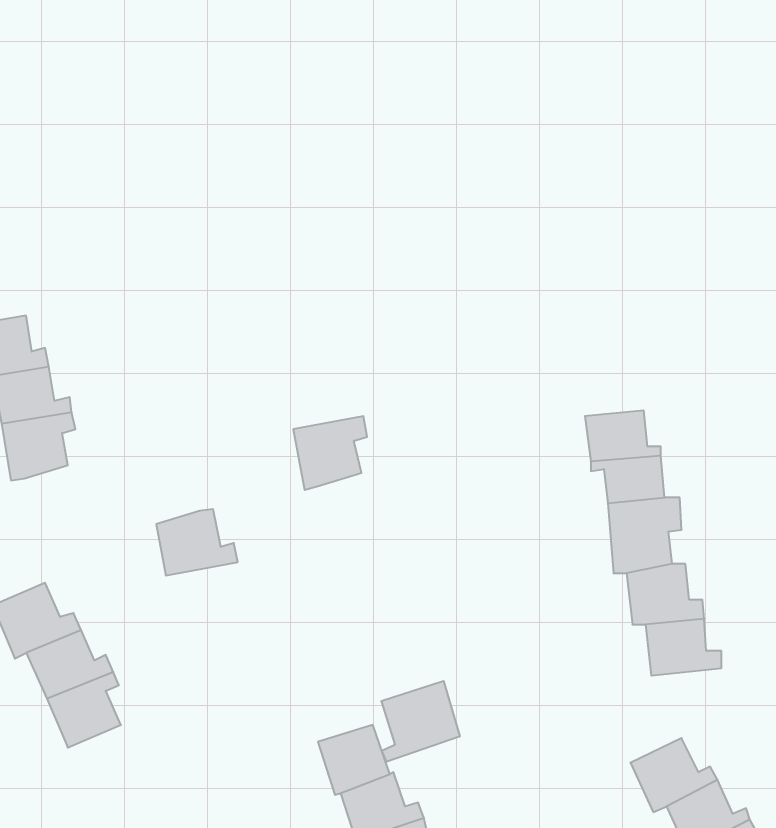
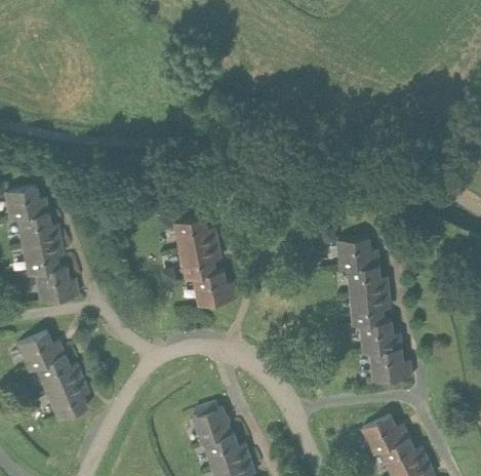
building: none -> [174,217,217,248]
building: none -> [193,271,237,307]
building: [156,509,238,575] -> [34,267,78,303]
building: [381,681,460,762] -> none

